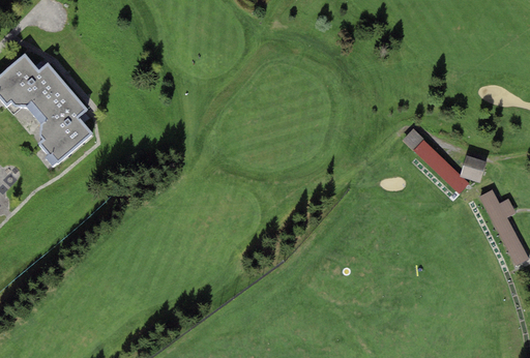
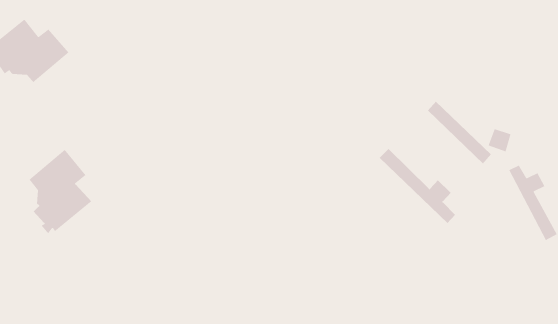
building: [32,85,92,166] -> [28,149,92,234]
building: none -> [379,148,456,224]

